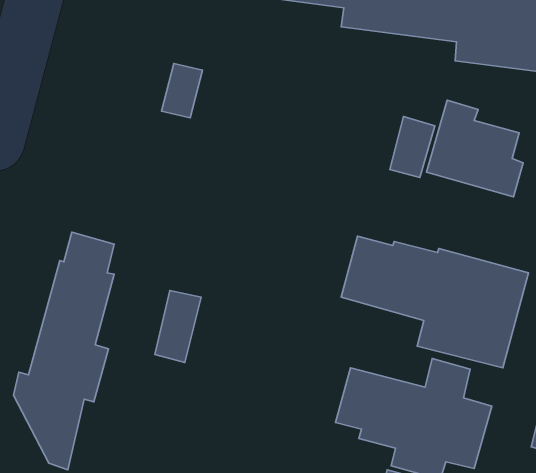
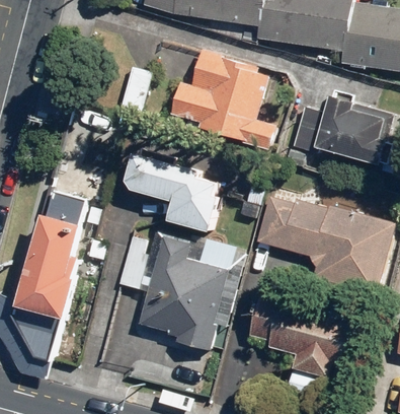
building: none -> [170,50,277,147]
building: none -> [130,148,224,231]
building: none -> [137,235,228,350]

